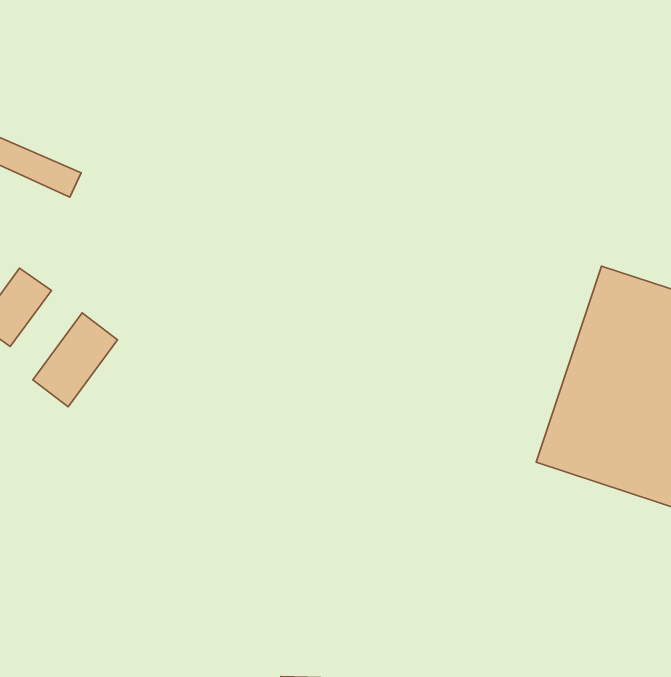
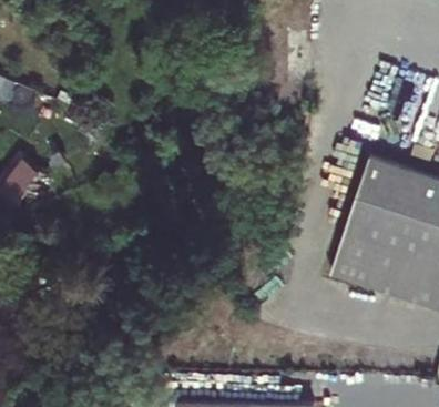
building: [33,313,117,407] -> none

